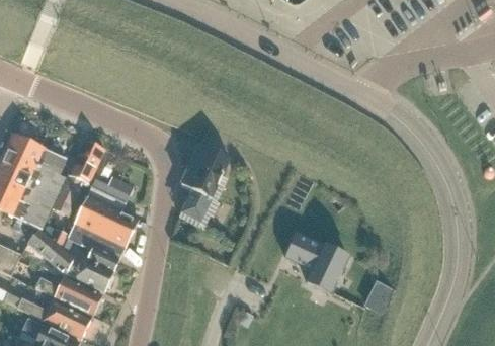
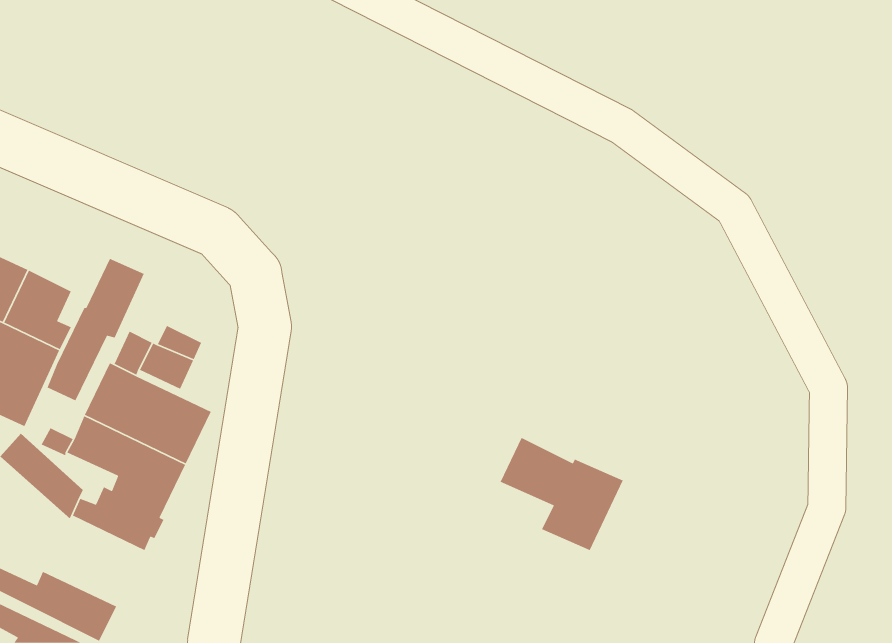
building: [180,143,231,222] -> none
building: [35,275,101,314] -> none
building: [363,278,393,312] -> none

